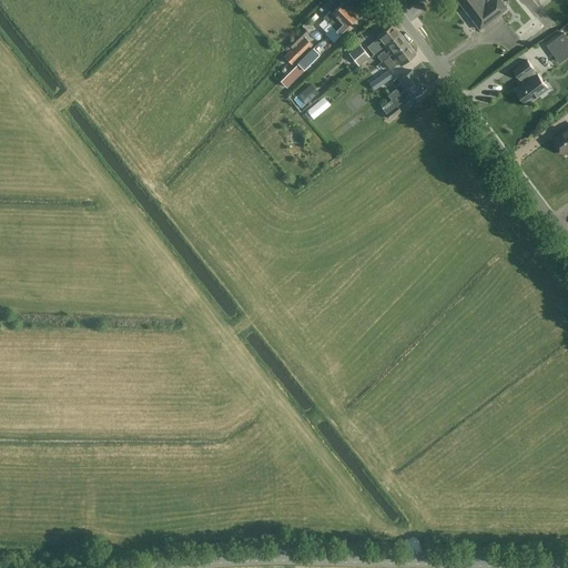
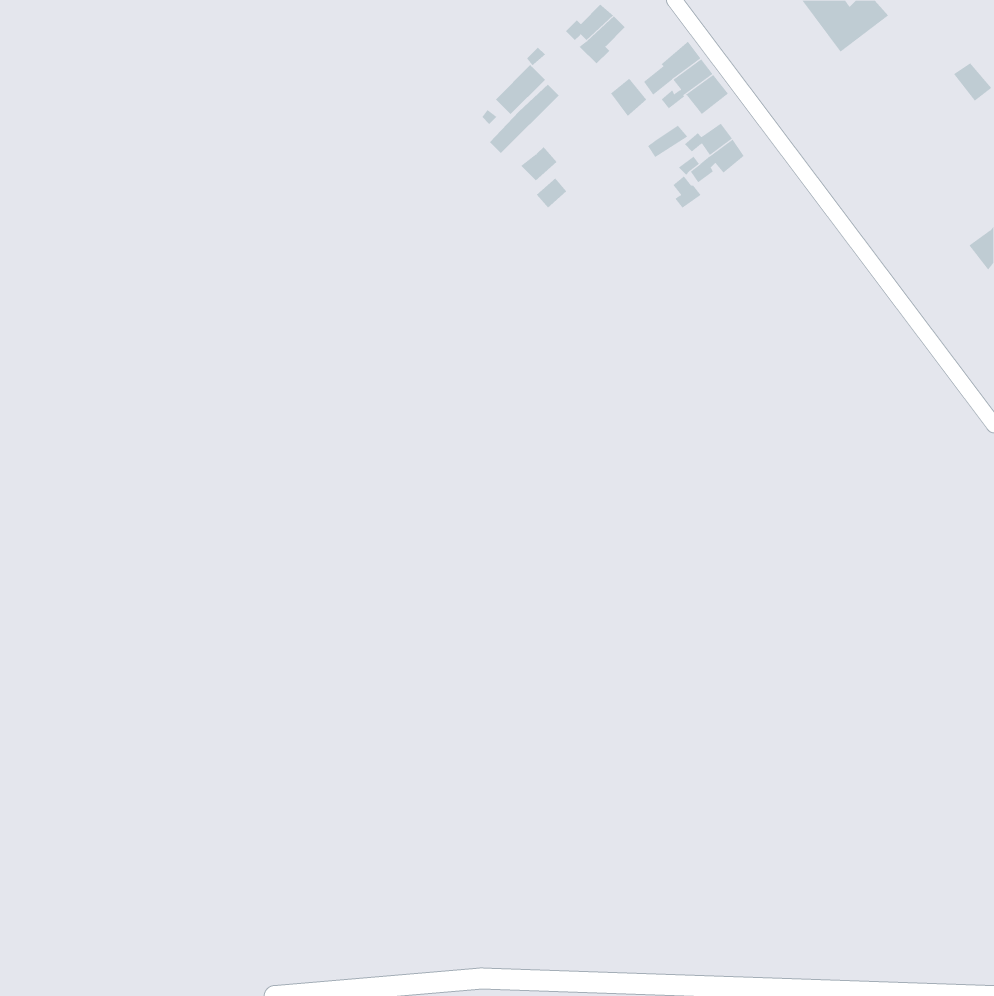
building: [513,60,547,104] -> none

